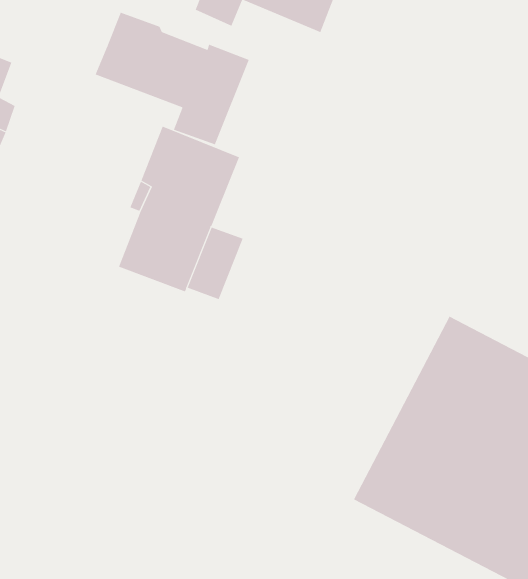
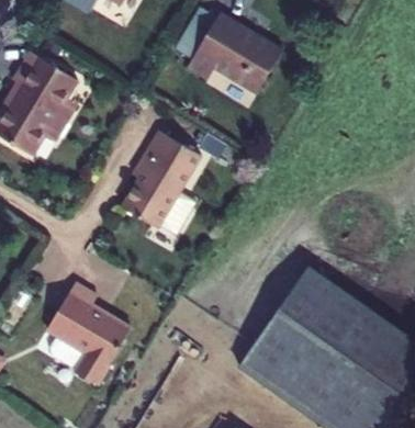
building: [95,12,249,145] -> none
building: none -> [47,283,132,381]

